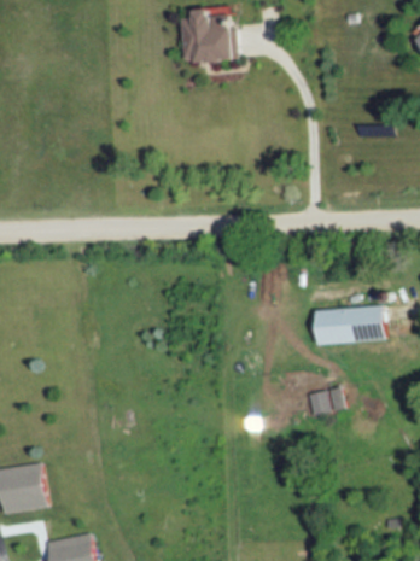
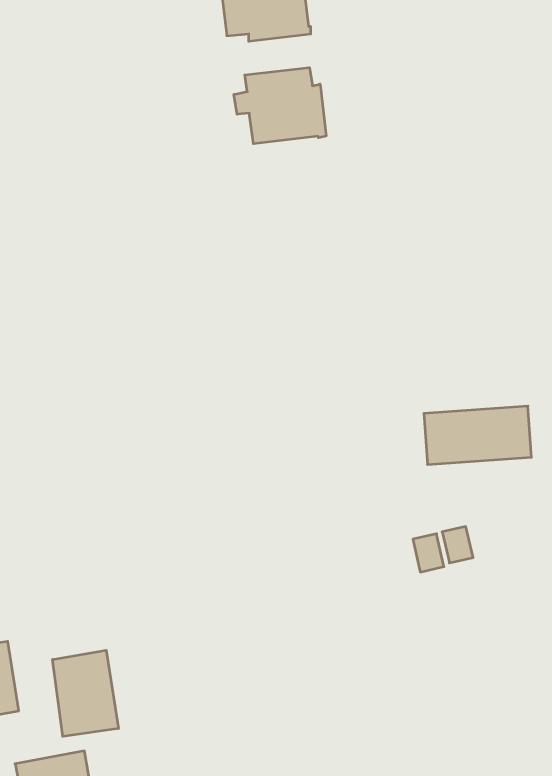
building: none -> [234,68,326,144]
building: none -> [53,650,118,736]

